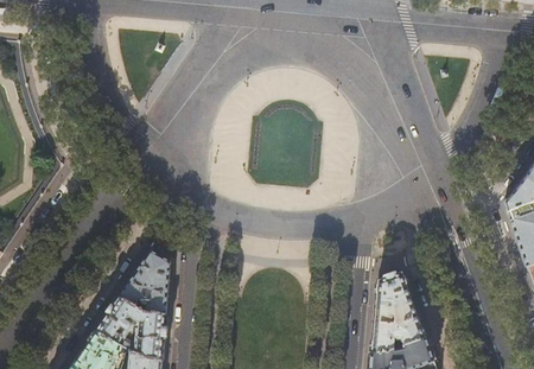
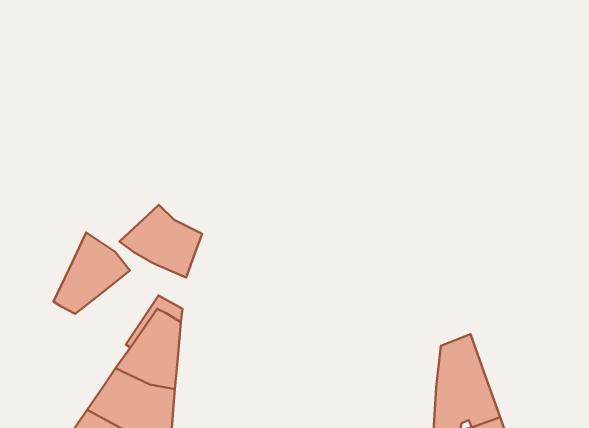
building: none -> [119,205,202,277]
building: none -> [53,233,130,314]

